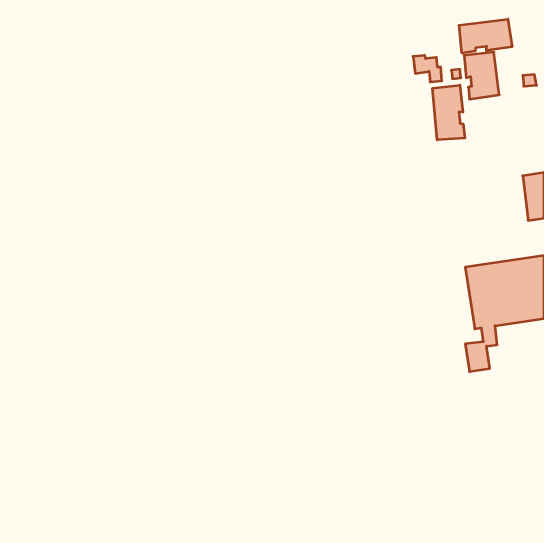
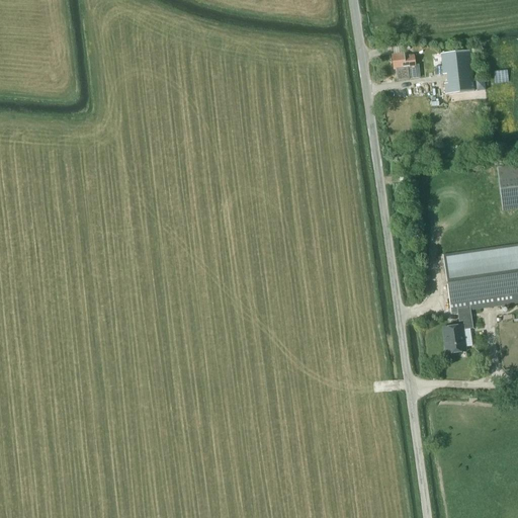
building: [459,19,512,53] -> none
building: [433,85,465,140] -> none

